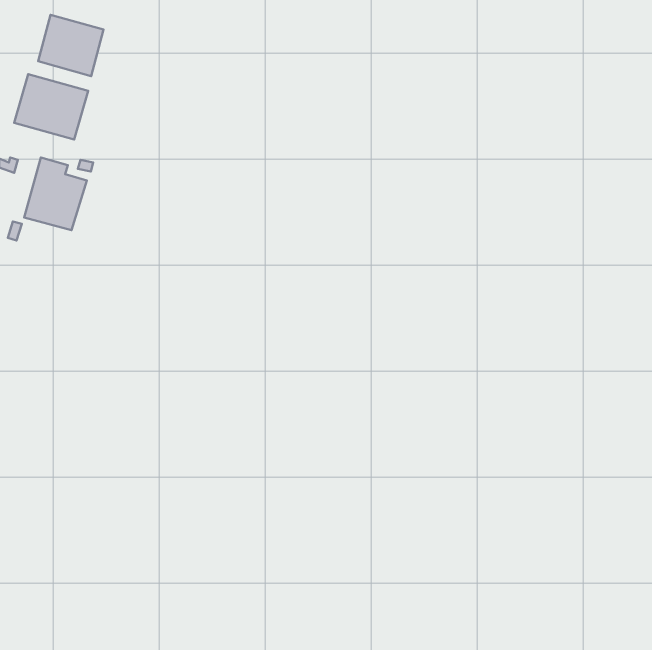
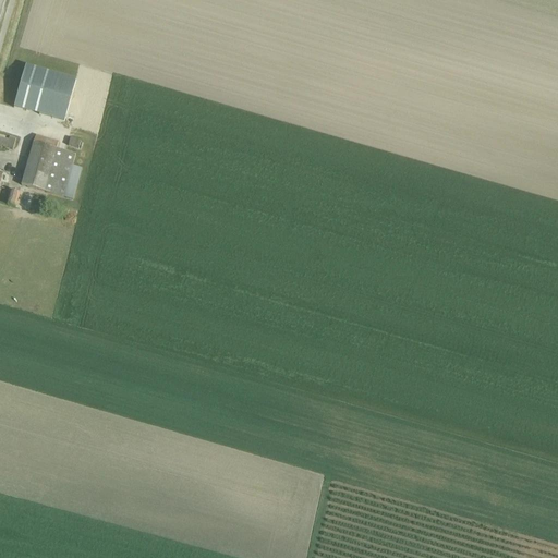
building: [38,15,104,76] -> none

